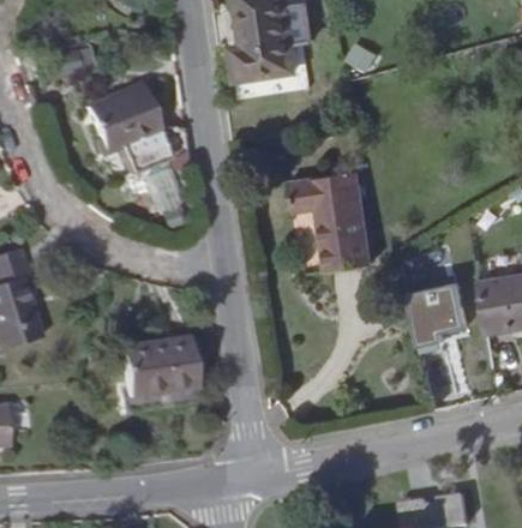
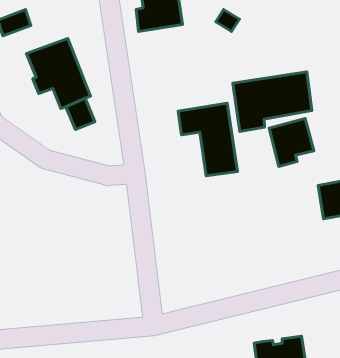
building: none -> [233,72,312,132]
building: [413,280,474,346] -> [269,118,314,167]
building: [120,328,198,403] -> none

